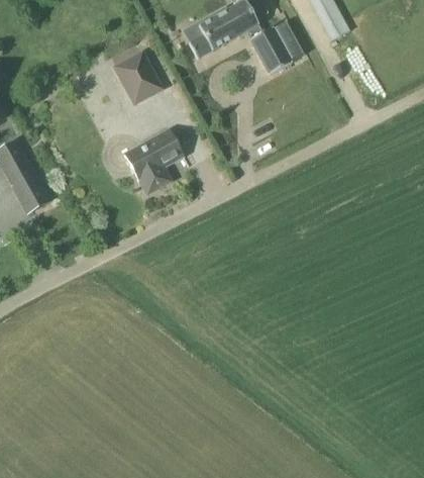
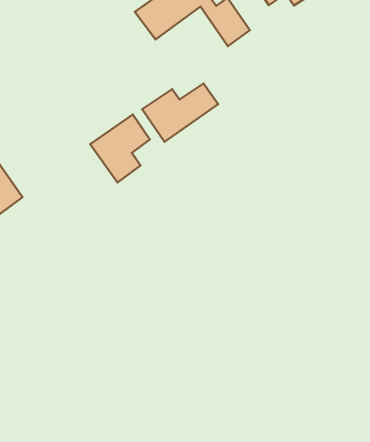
building: [112,50,163,105] -> none
building: none -> [142,83,218,142]

